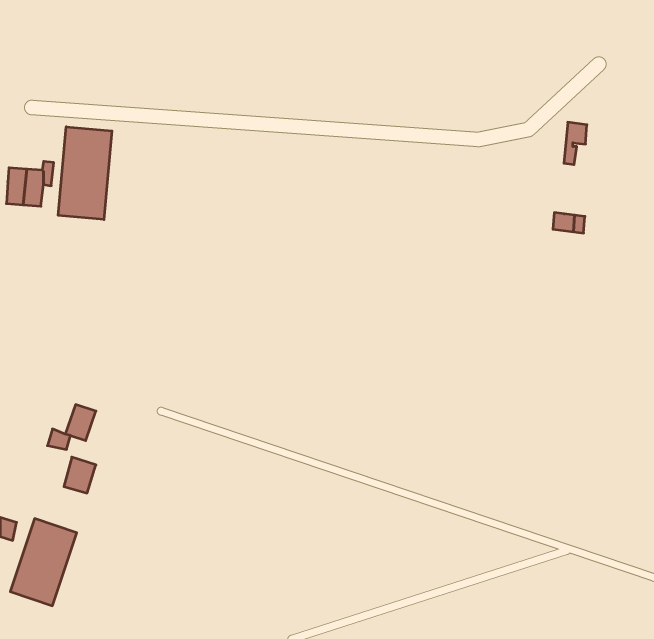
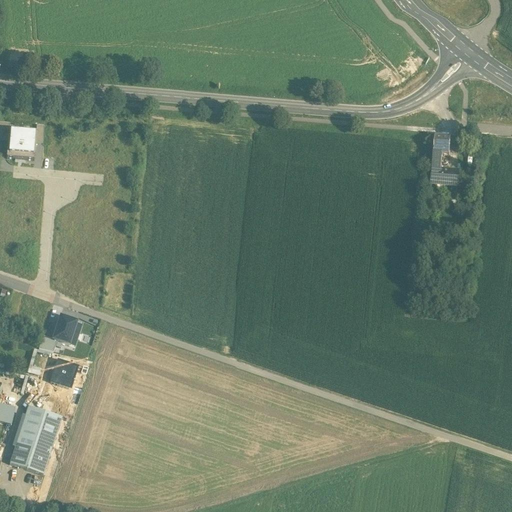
building: [564,122,587,165] -> [433,134,451,167]
building: [58,127,112,220] -> none

